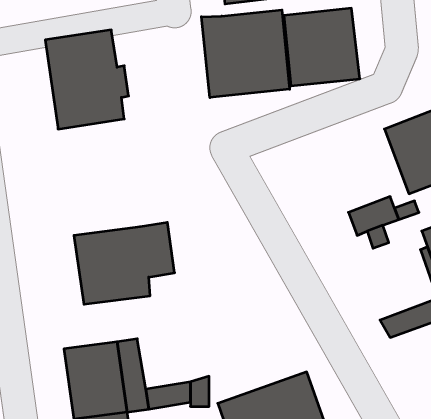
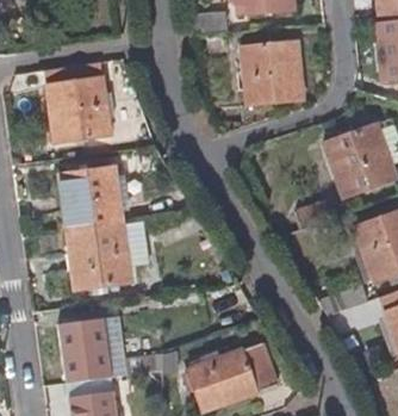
building: [201,10,290,98] -> none
building: none -> [60,166,123,230]

